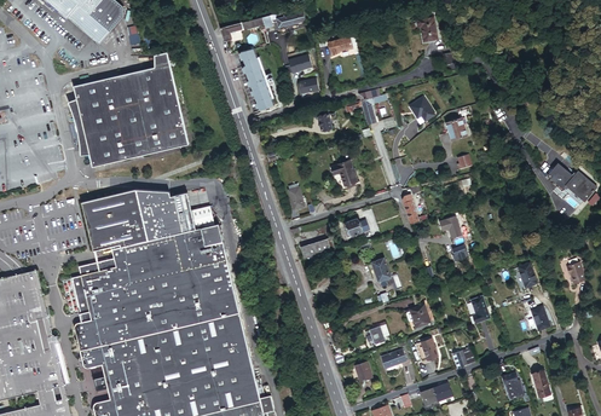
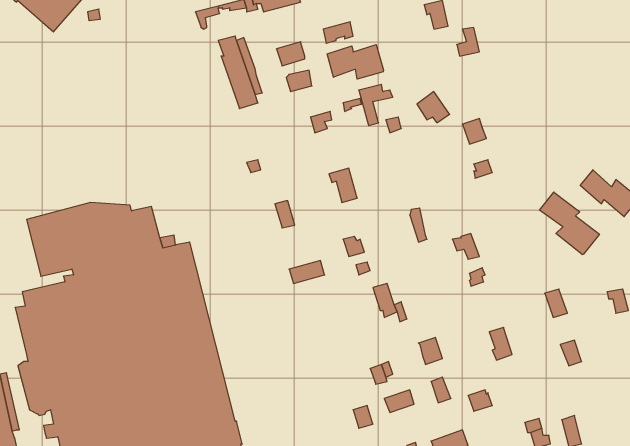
building: [69,53,189,167] -> none
building: none -> [327,45,384,79]
building: none -> [539,192,599,255]

